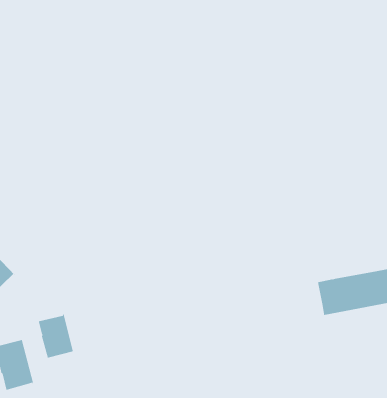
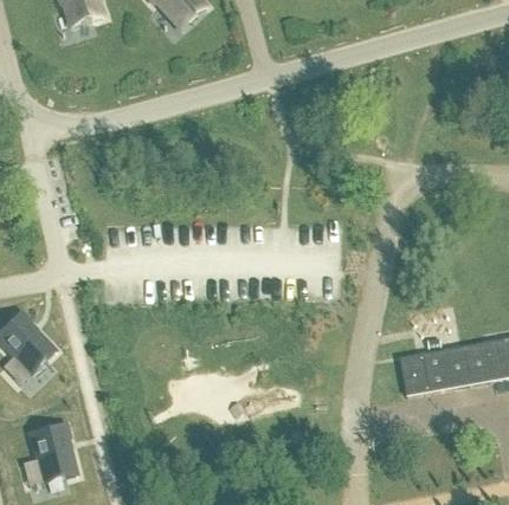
building: [38,314,74,359] -> none

